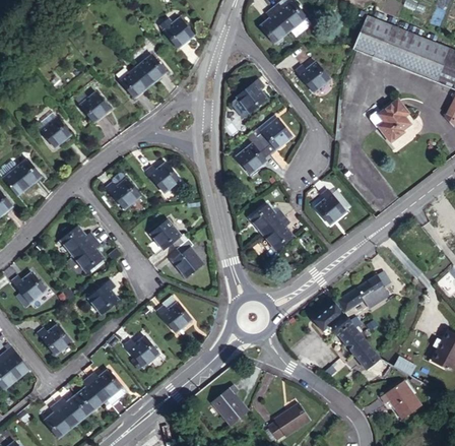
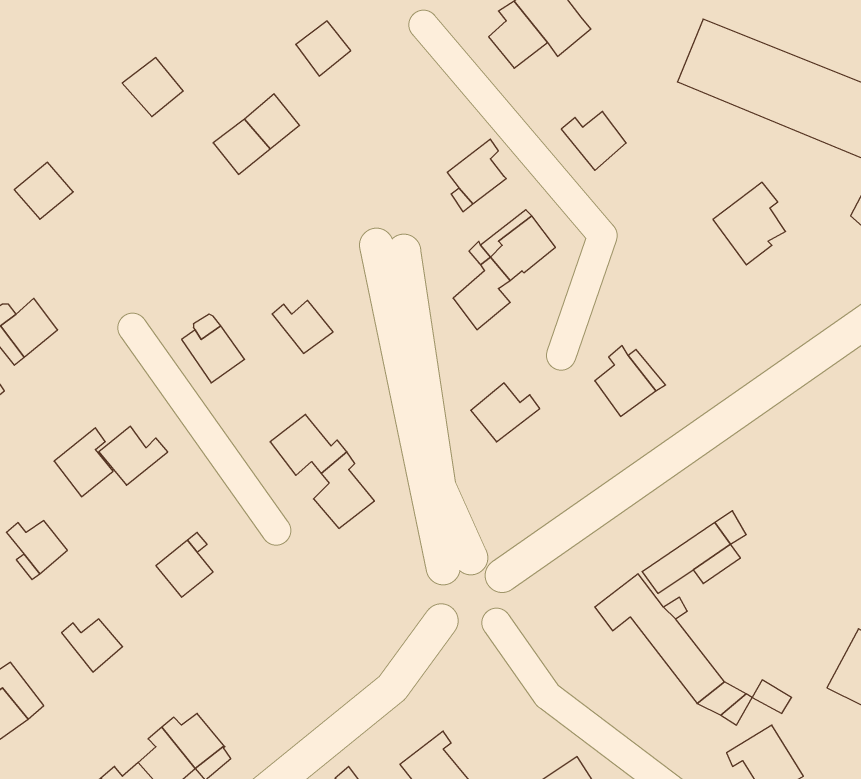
building: [75,90,107,121] -> [122,58,183,117]
building: [37,116,67,145] -> [14,162,73,219]
building: [263,216,294,251] -> none
building: [72,239,103,274] -> [54,428,113,497]
building: [158,302,191,332] -> none
building: [125,335,158,369] -> none

